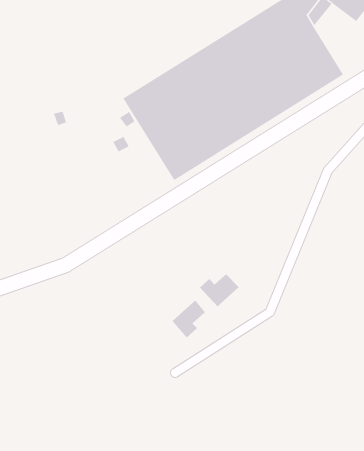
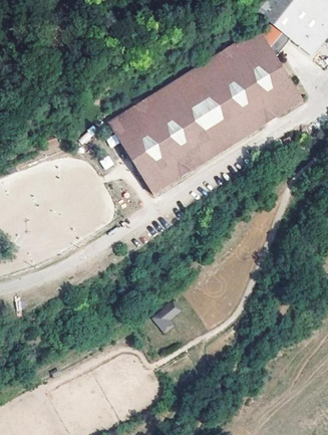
building: [199,274,239,307] -> none

